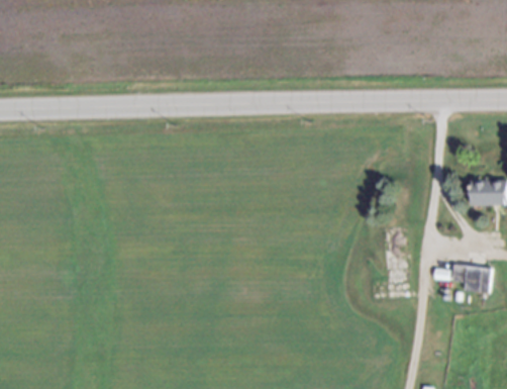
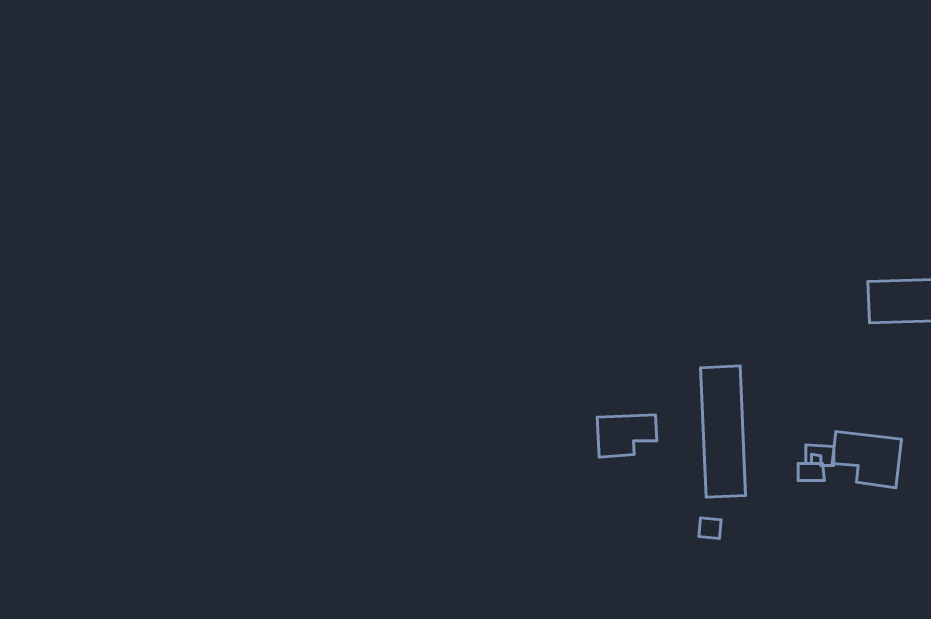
building: none -> [597,415,657,457]

